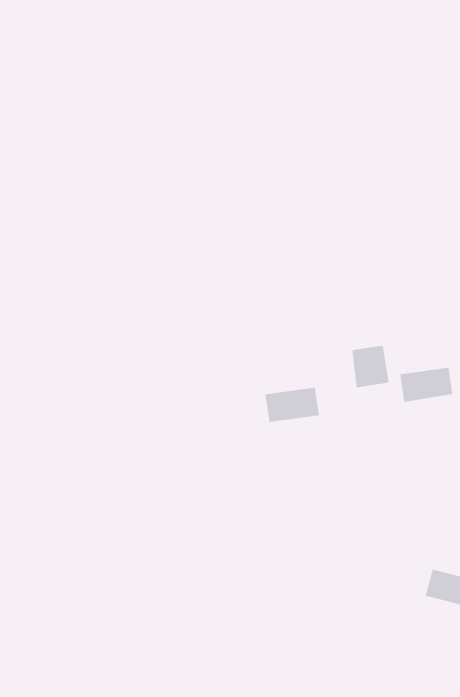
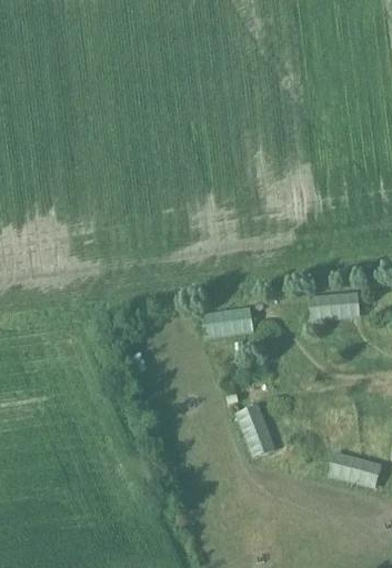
building: [352,345,389,388] -> none
building: none -> [244,406,279,452]

